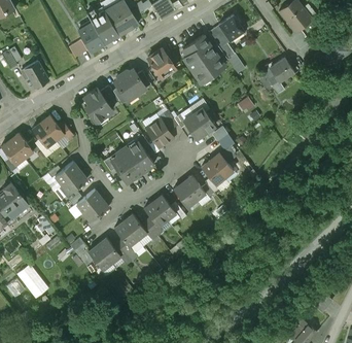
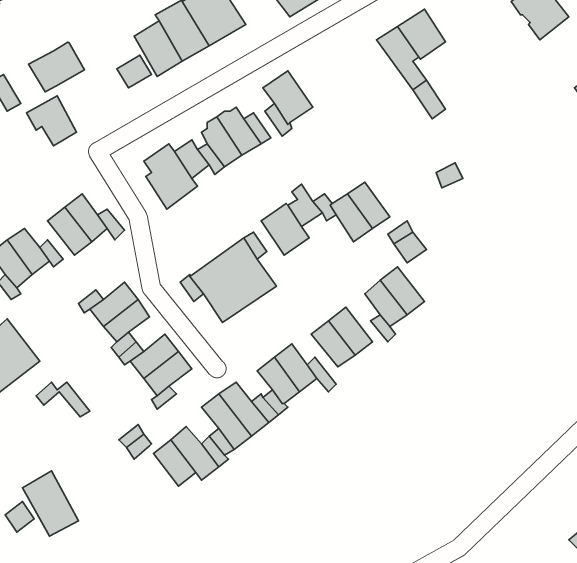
building: none -> [29,42,84,92]
building: [183,35,224,82] -> none
building: [263,59,294,96] -> none

